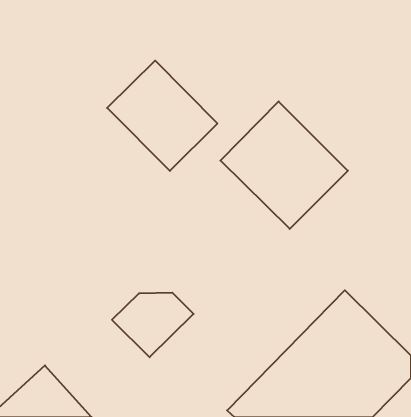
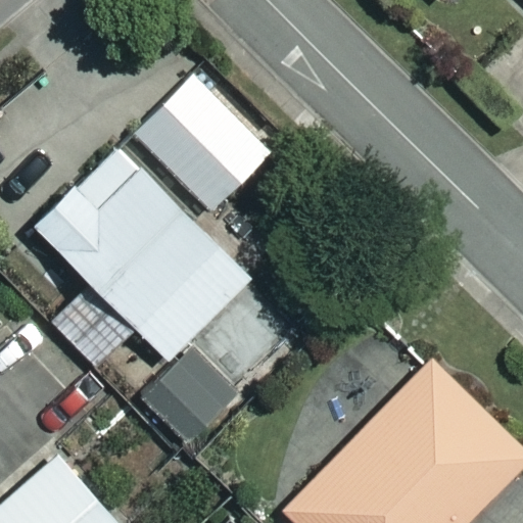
building: [220,101,348,229] -> none
building: none -> [38,148,249,360]

